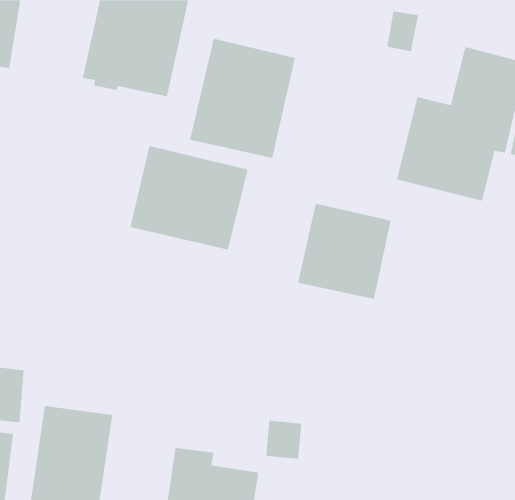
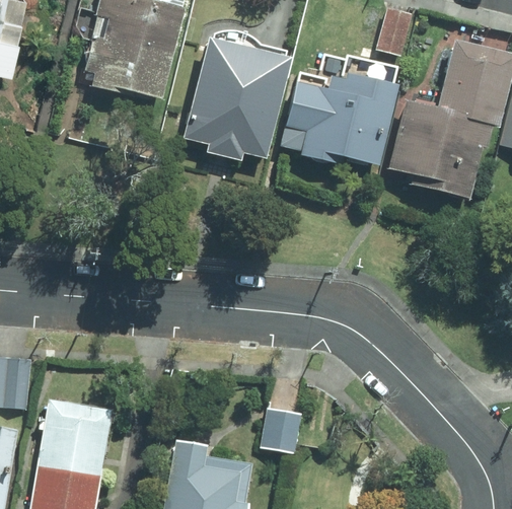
building: none -> [290,76,394,166]
building: [129,145,248,250] -> none
building: [297,203,391,300] -> none

